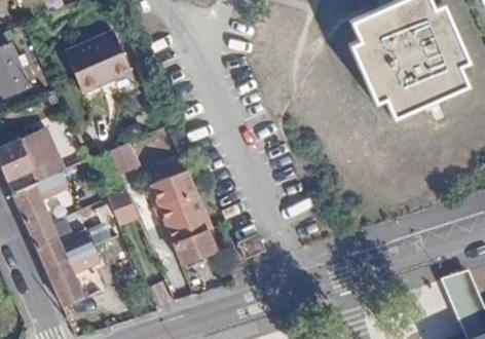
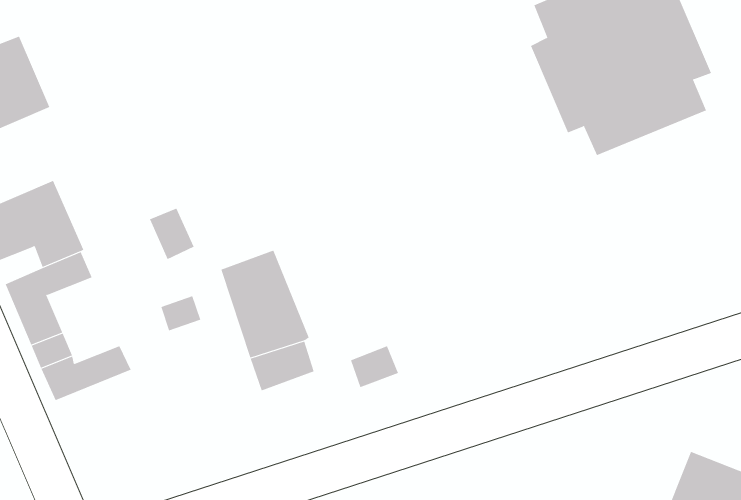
building: [62,33,129,98] -> none
building: [49,250,105,309] -> none

